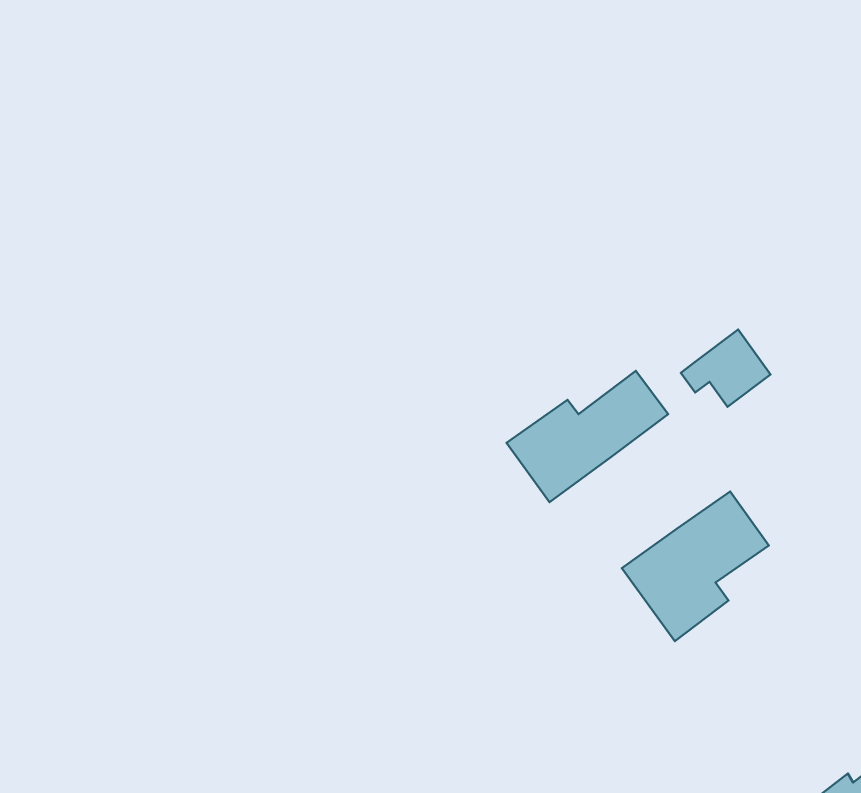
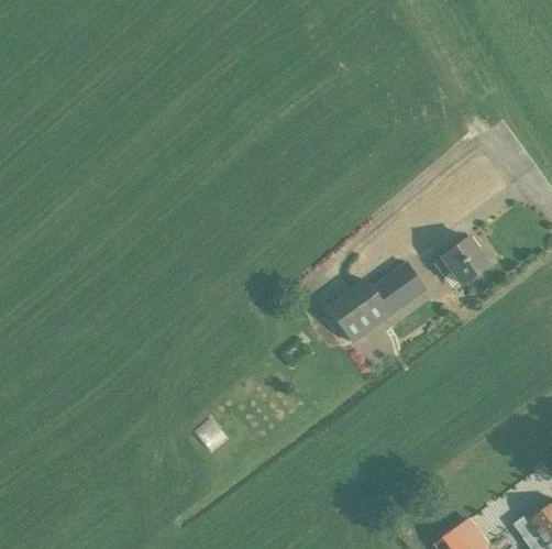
building: [622,492,769,641] -> none

